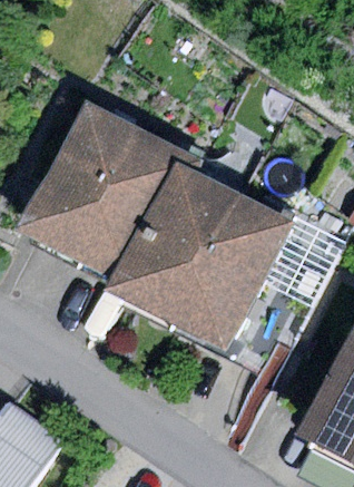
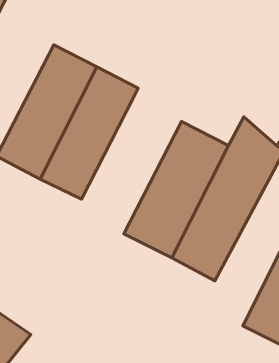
building: [111,162,233,320] -> none

